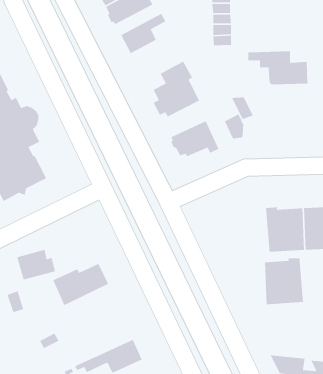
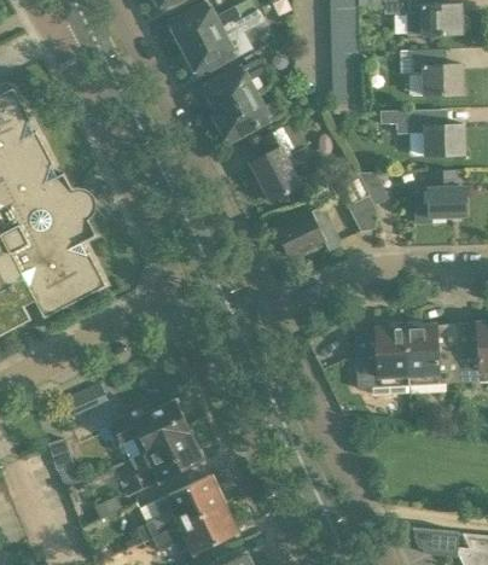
building: none -> [411,49,463,95]
building: none -> [214,95,284,142]
building: none -> [413,170,465,225]
building: [264,257,304,305] -> [355,325,409,390]
building: none -> [128,431,203,489]
building: none -> [136,476,223,542]

